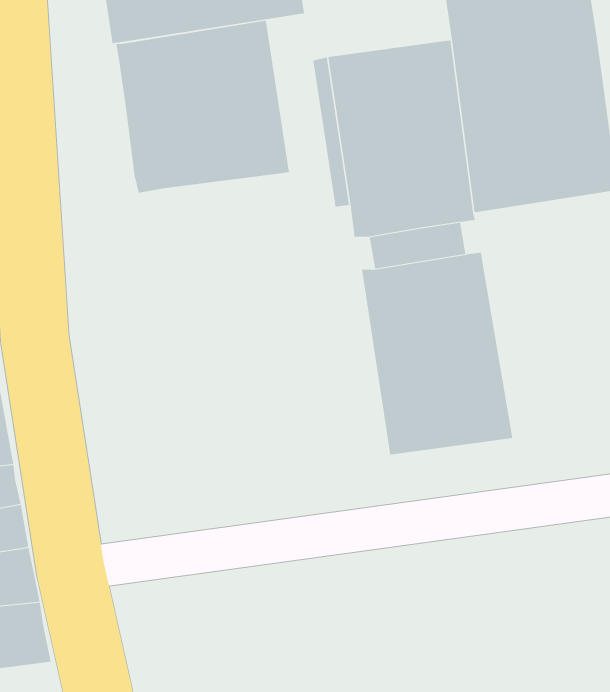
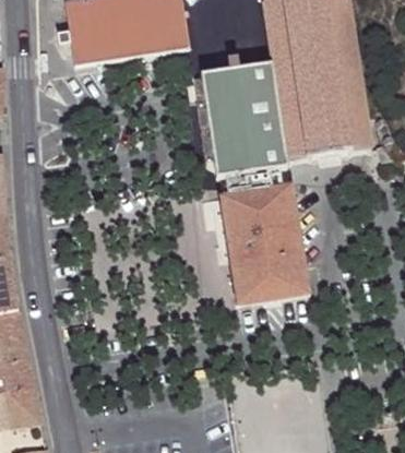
building: [116,20,289,194] -> none

